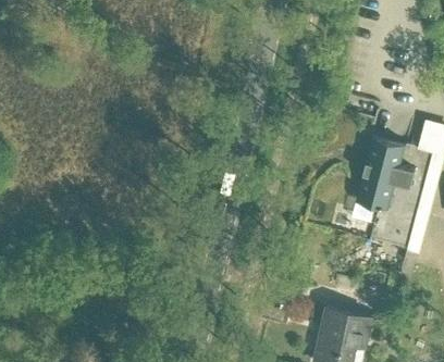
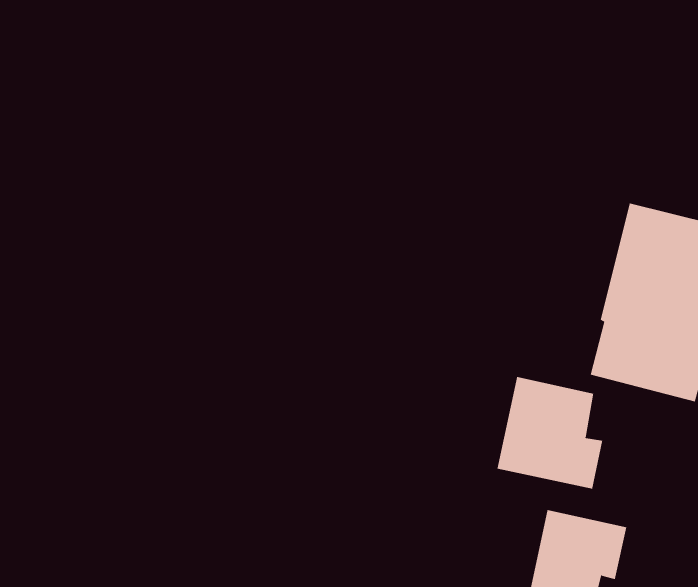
building: none -> [497,376,603,489]

